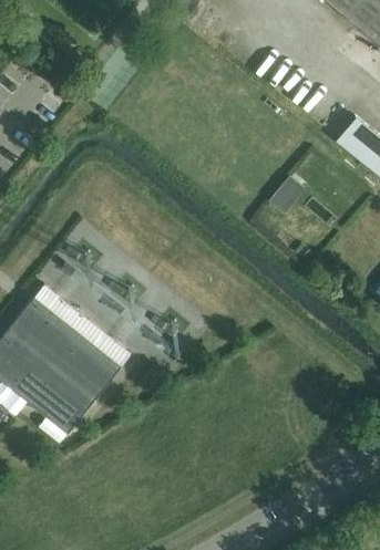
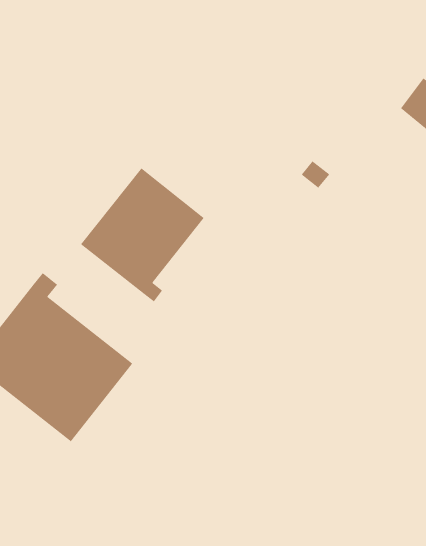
building: none -> [80,168,215,303]

